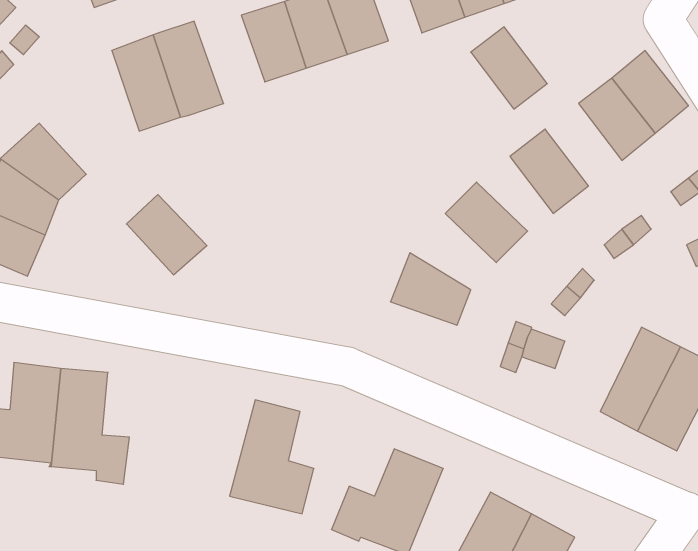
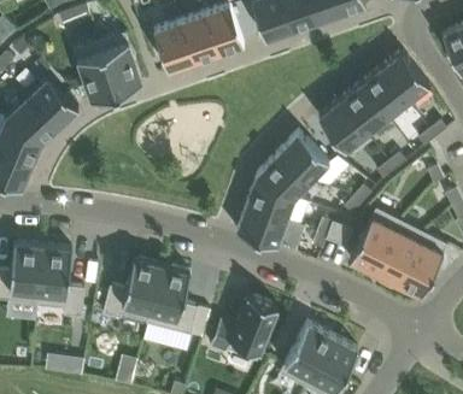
building: [471,27,547,109] -> [341,83,388,134]
building: [126,195,207,275] -> [30,77,80,127]
building: none -> [258,151,311,198]
building: none -> [238,205,287,245]
building: none -> [350,208,400,272]
building: none -> [104,258,163,324]

